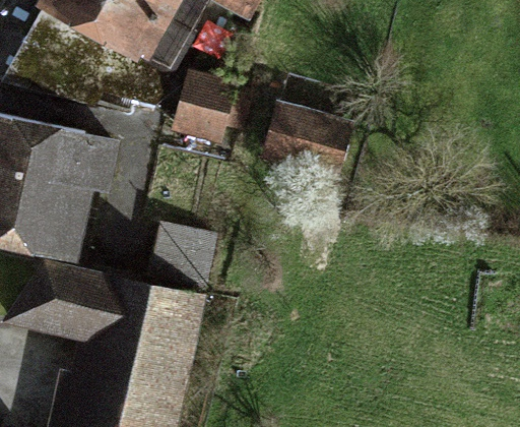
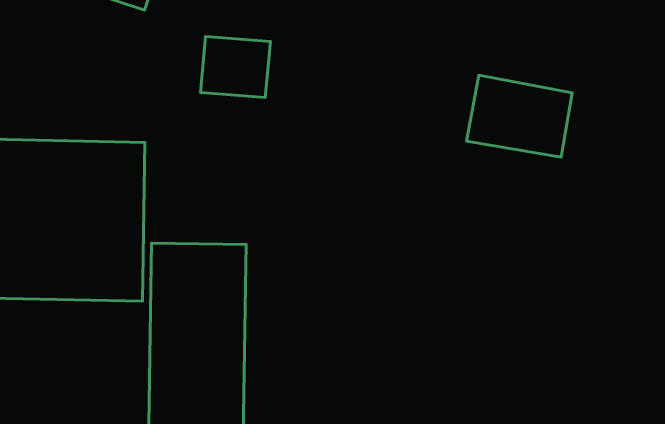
building: [267,108,346,175] -> [467,75,572,157]
building: [25,267,107,334] -> none

